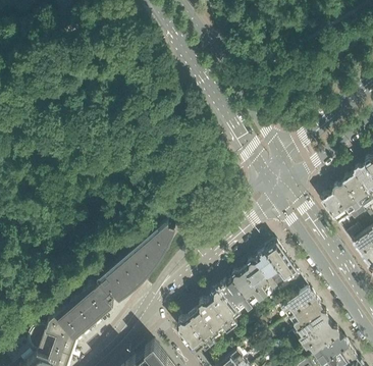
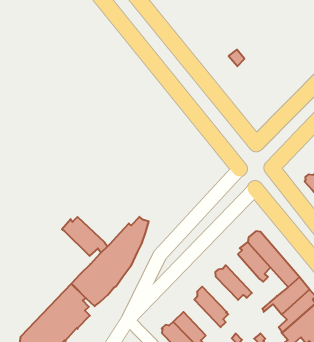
building: none -> [62,217,107,256]
building: [243,261,272,298] -> none
building: [219,279,253,313] -> none
building: [199,299,232,332] -> none

